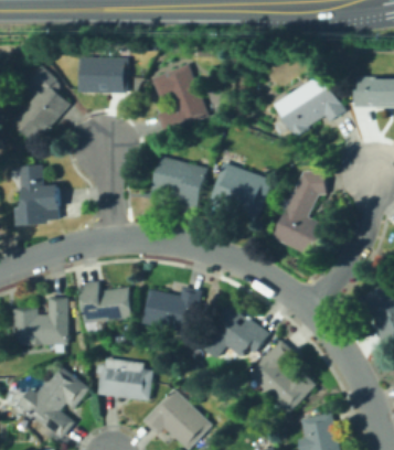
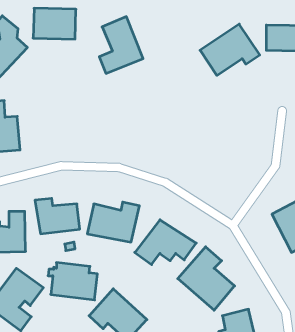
building: [149,154,206,206] -> none
building: [207,161,270,218] -> none
building: [274,173,328,260] -> none

